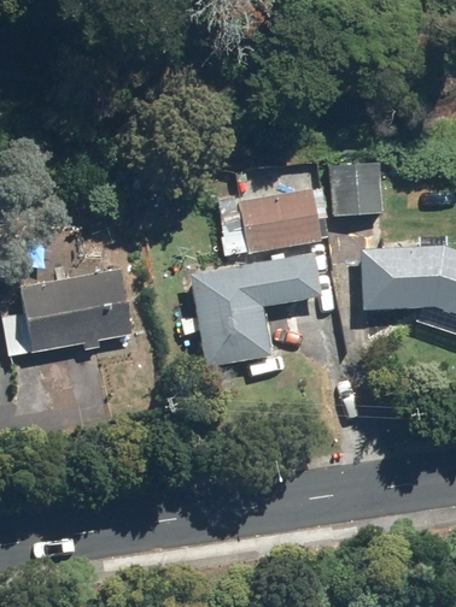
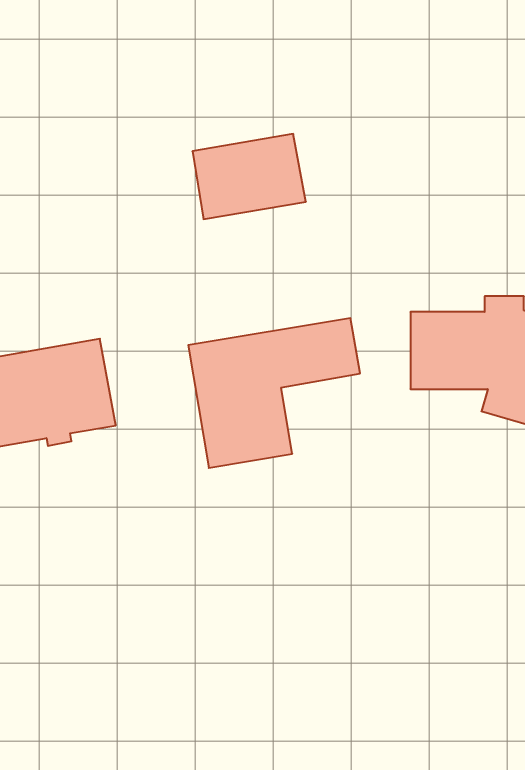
building: [328,157,382,217] -> none
building: [238,188,325,253] -> [192,134,306,219]

